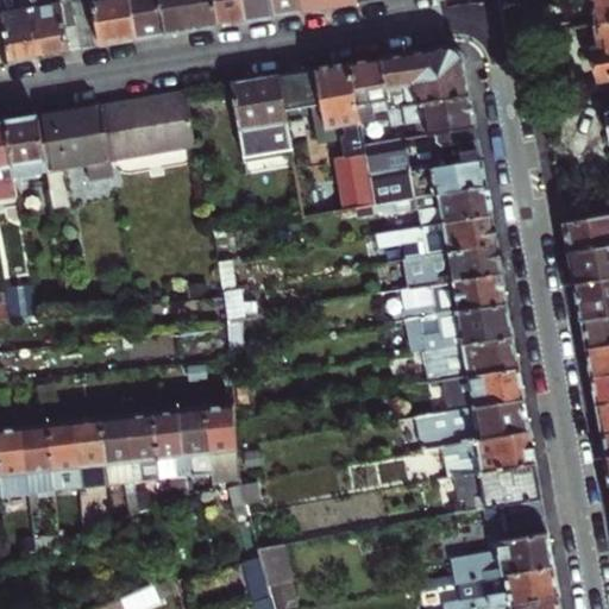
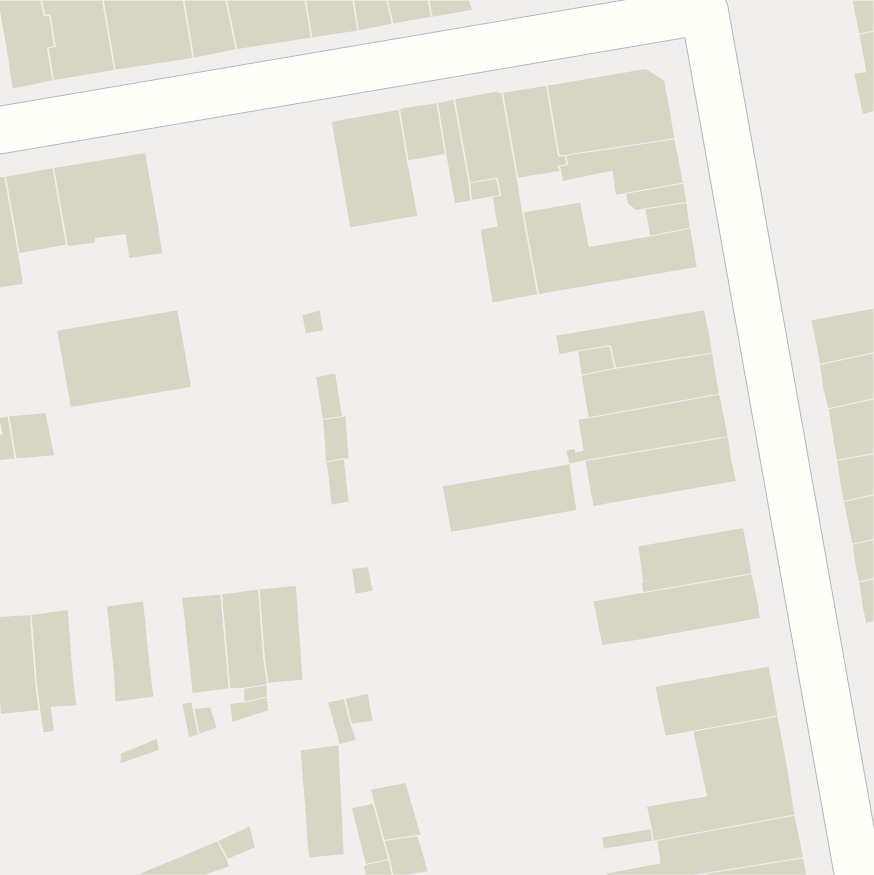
building: [101,92,195,159] -> [56,310,192,408]
building: [360,186,489,227] -> none
building: [422,334,516,382] -> [442,464,577,532]
building: [206,403,237,482] -> [300,745,344,858]
building: [100,415,133,484] -> none
building: [48,421,80,490] -> none
building: [441,429,534,478] -> none

